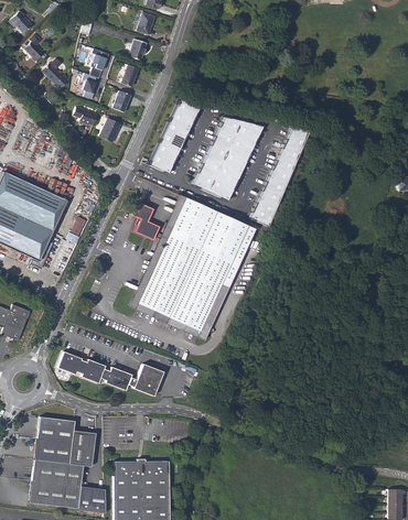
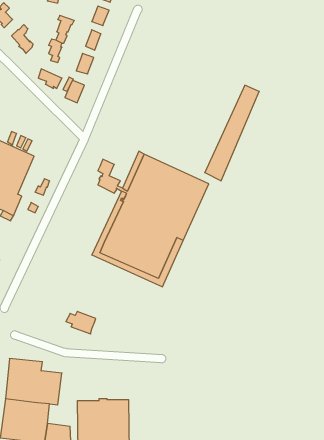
building: [151,99,200,172] -> none
building: [194,117,262,199] -> none
building: [58,350,107,383] -> none
building: [129,362,164,396] -> none

